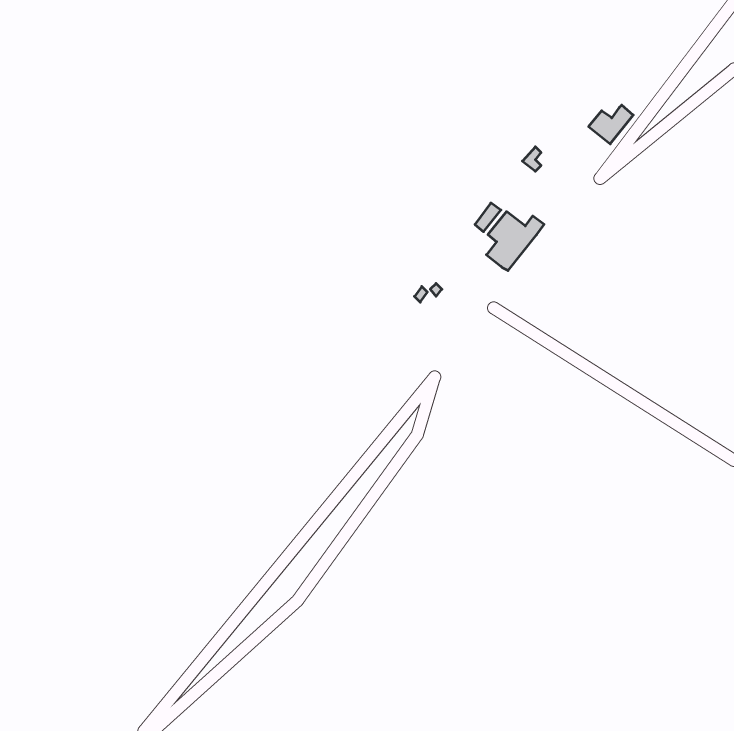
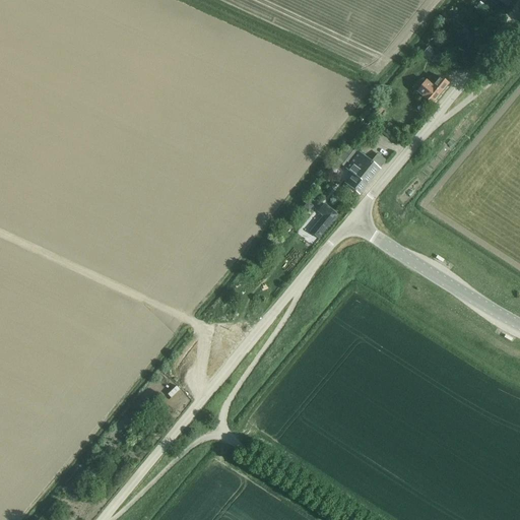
building: none -> [310,201,336,236]

